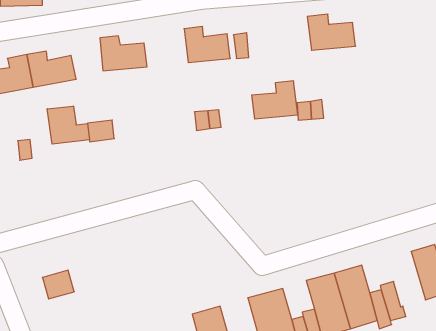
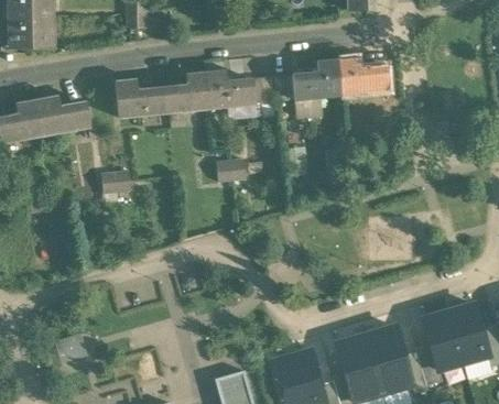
building: none -> [162,73,209,113]
building: [252,81,298,119] -> [292,59,341,100]
building: [47,106,89,144] -> none
building: none -> [423,312,464,371]

